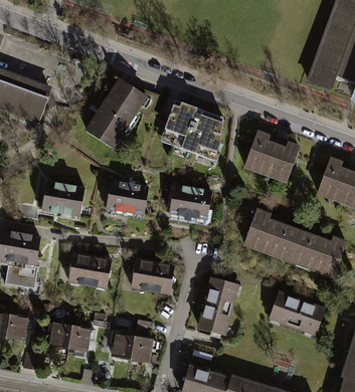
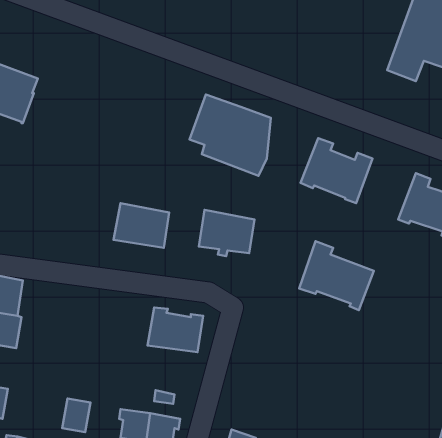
building: [87,80,158,147] -> none
building: [41,182,84,216] -> none
building: [289,231,346,276] -> none
building: [67,253,111,287] -> none
building: [198,278,237,334] -> none
building: [270,292,325,333] -> none
building: [50,323,72,348] -> none

